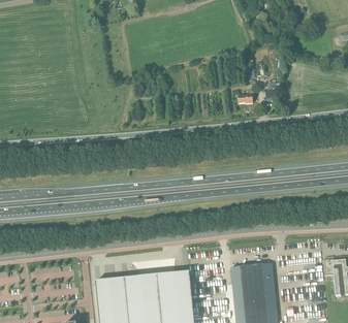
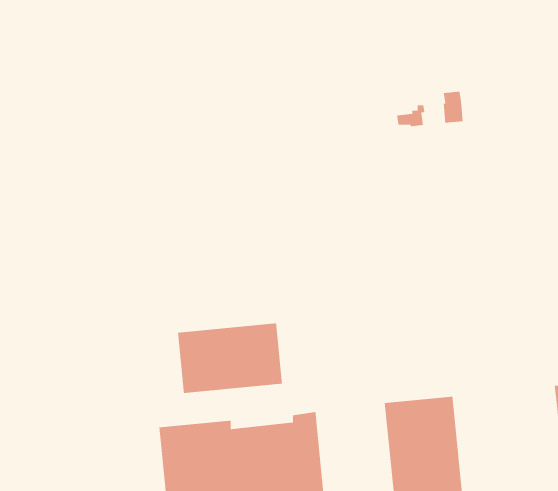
building: none -> [177,323,283,394]

